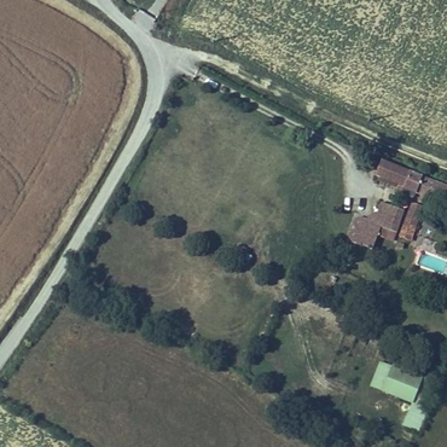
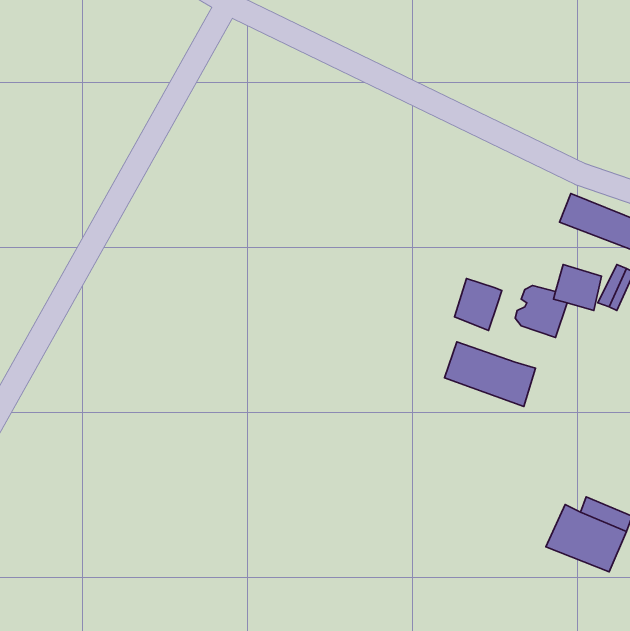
building: none -> [454,278,502,330]
building: none -> [445,342,536,406]

